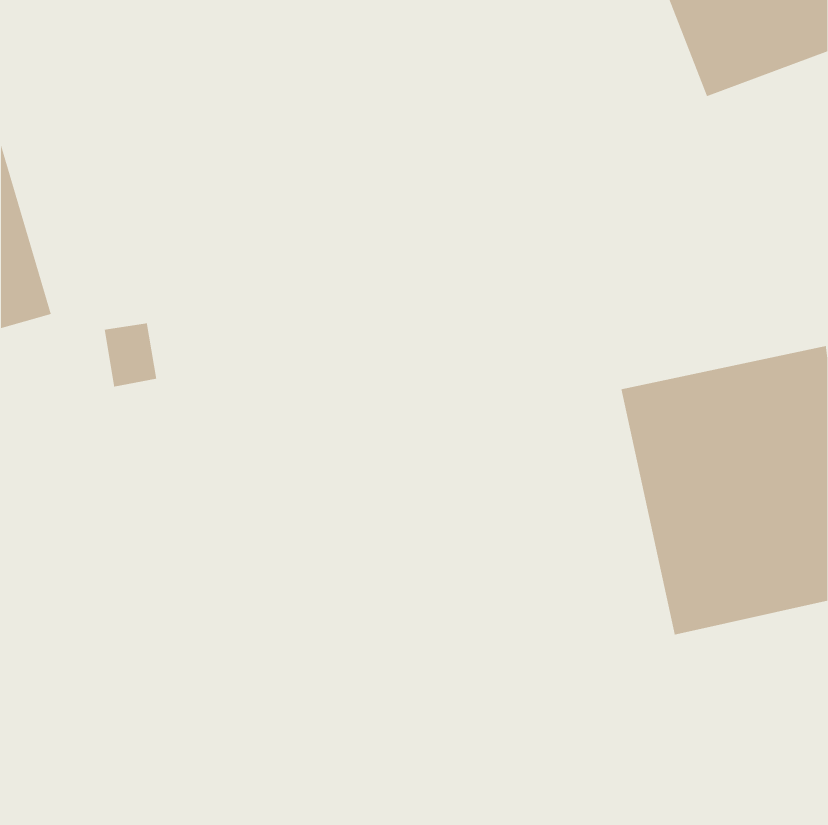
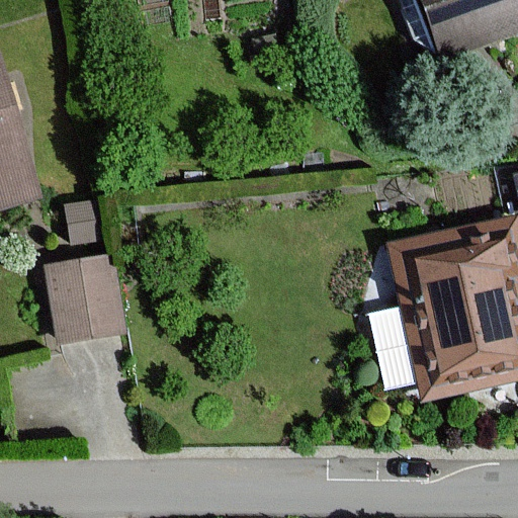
building: none -> [52,261,123,341]

